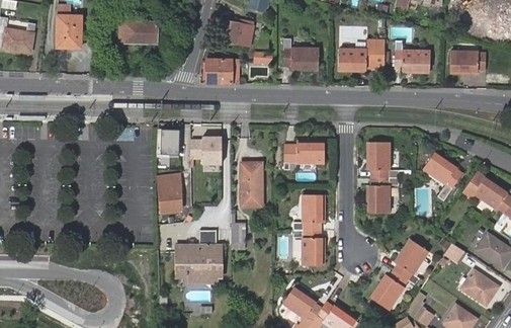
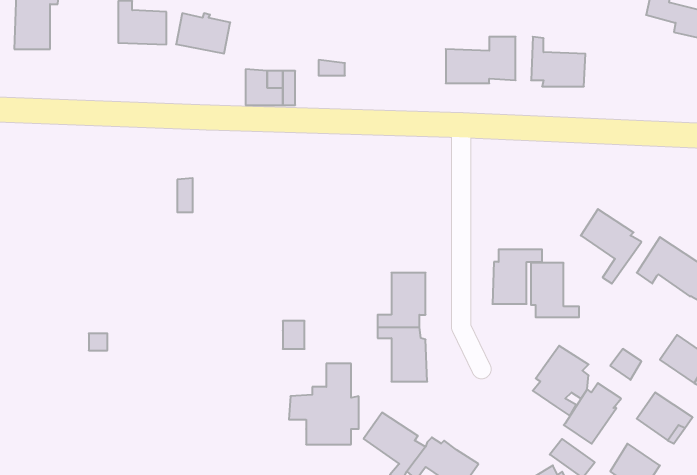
building: [219,21,254,48] -> [176,13,230,54]
building: [281,37,317,69] -> none
building: [448,51,484,73] -> none
building: [191,136,223,165] -> none
building: [282,141,323,170] -> none
building: [368,143,400,178] -> [531,263,579,317]
building: [241,164,261,207] -> none
building: [161,184,182,213] -> none
building: [176,231,222,283] -> [289,364,359,444]
building: [371,270,409,310] -> [564,383,621,444]

